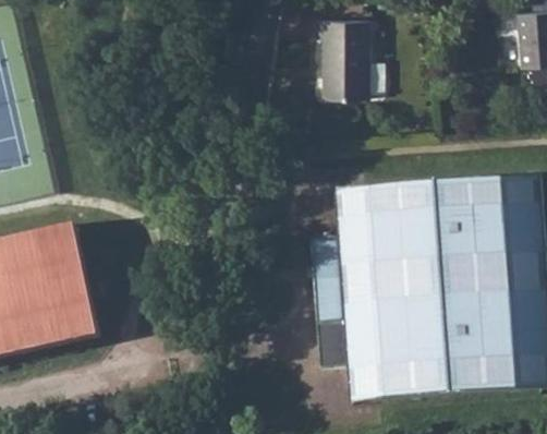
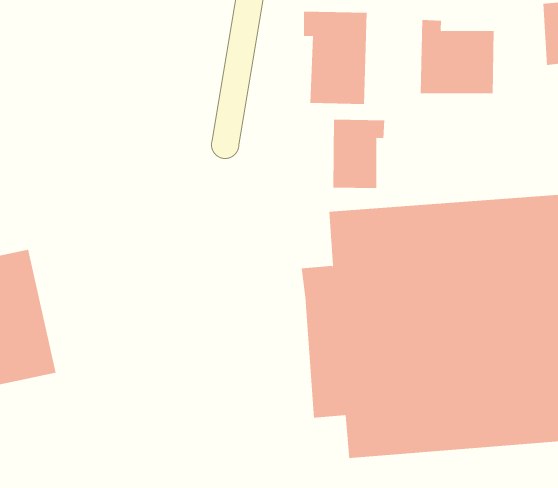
building: none -> [420,19,494,94]
building: none -> [333,119,385,189]

